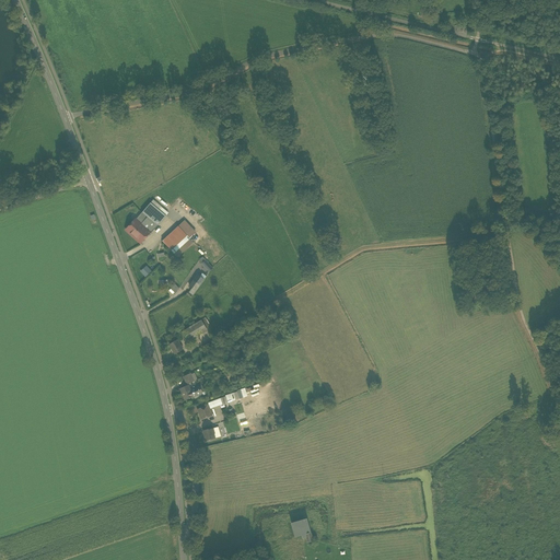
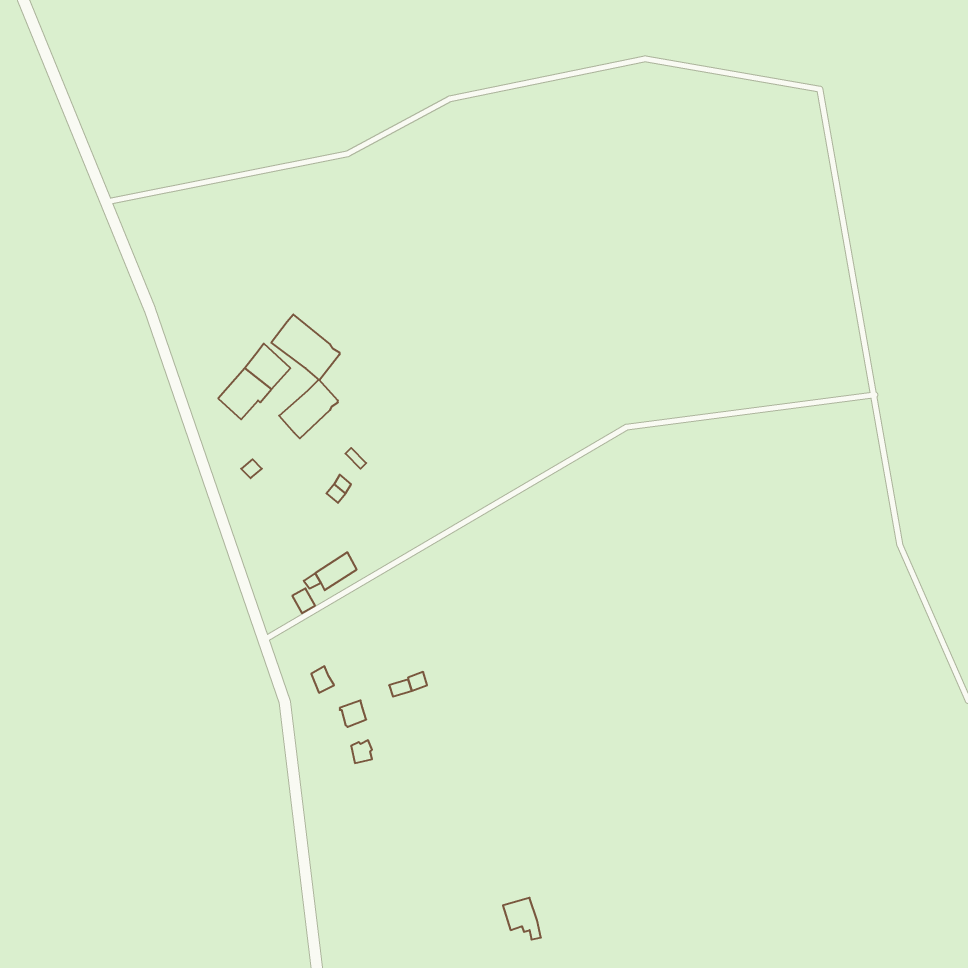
building: none -> [271,314,340,380]

